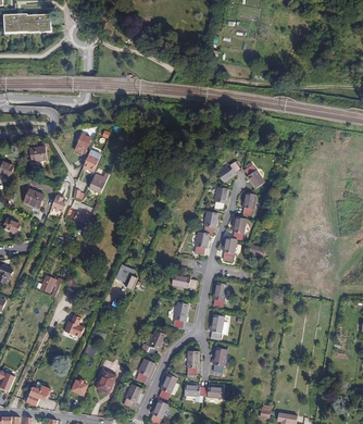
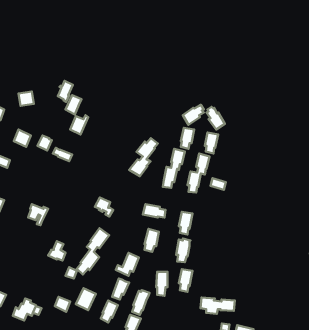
building: none -> [129,138,158,176]
building: none -> [77,228,109,275]
building: [184,383,223,401] -> [201,298,235,314]

